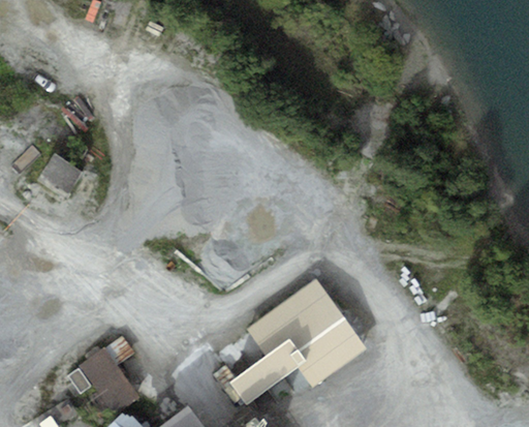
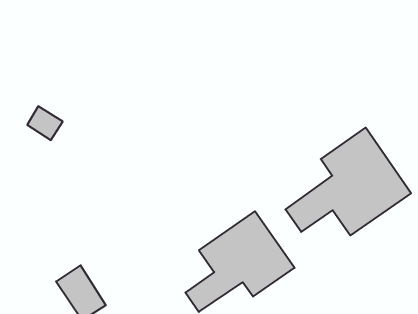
building: none -> [285,128,411,235]

